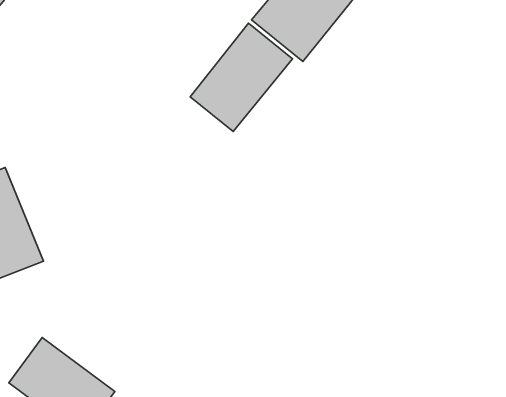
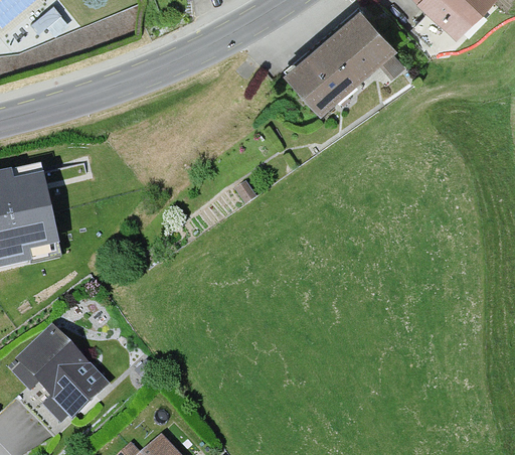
building: [190,23,292,131] -> none

